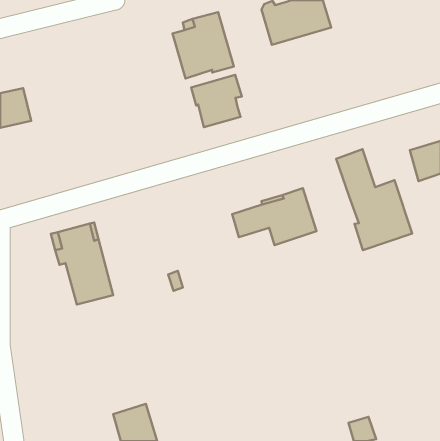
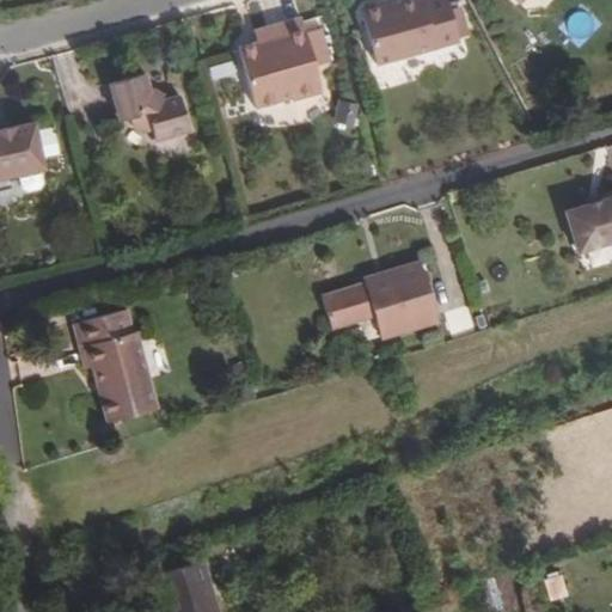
building: none -> [109,67,192,137]
building: [191,75,242,127] -> none
building: [336,149,412,250] -> none

